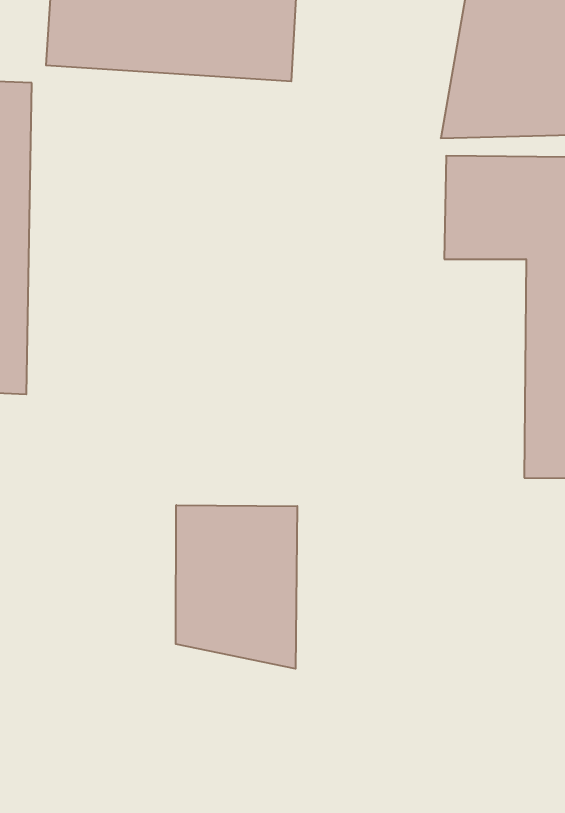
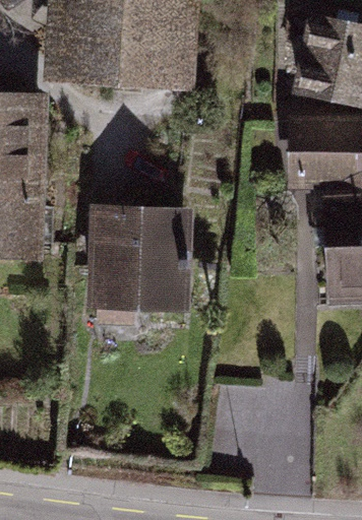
building: none -> [102,199,191,292]
building: [176,505,297,669] -> none

